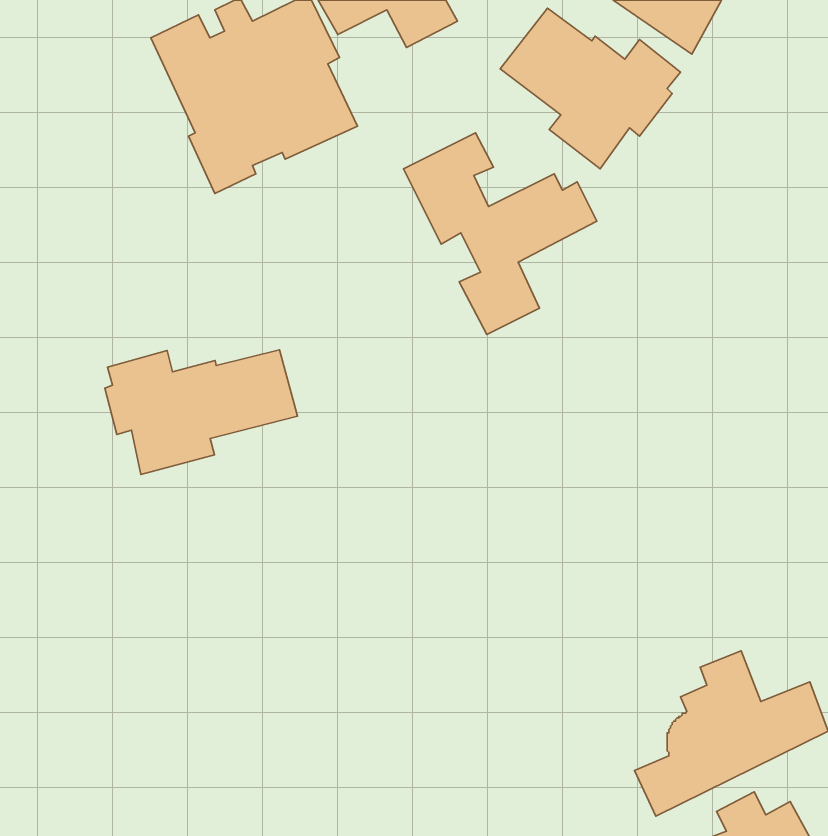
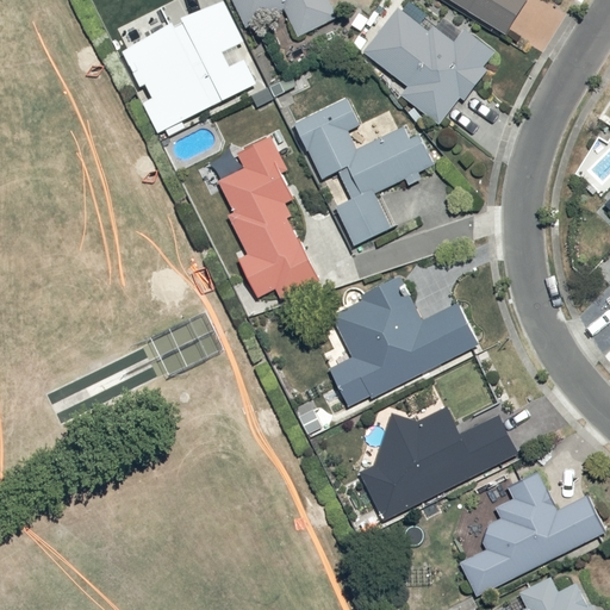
building: none -> [218,133,319,298]
building: [105,350,297,474] -> none
building: none -> [330,274,475,406]
building: none -> [359,415,516,516]

